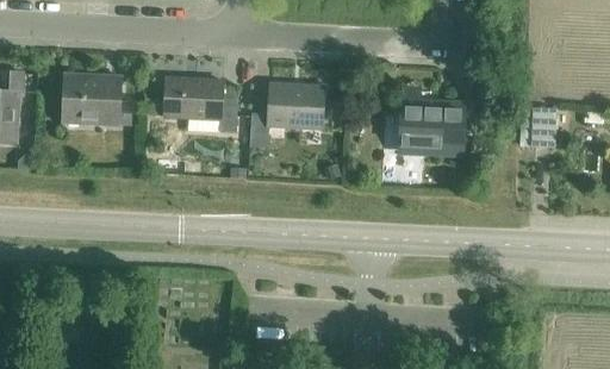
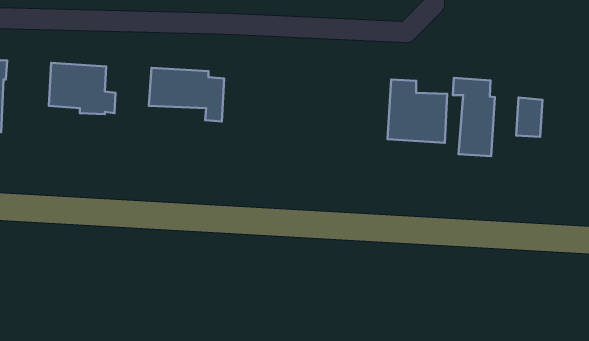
building: [250,83,324,148] -> none
building: none -> [453,78,495,156]

